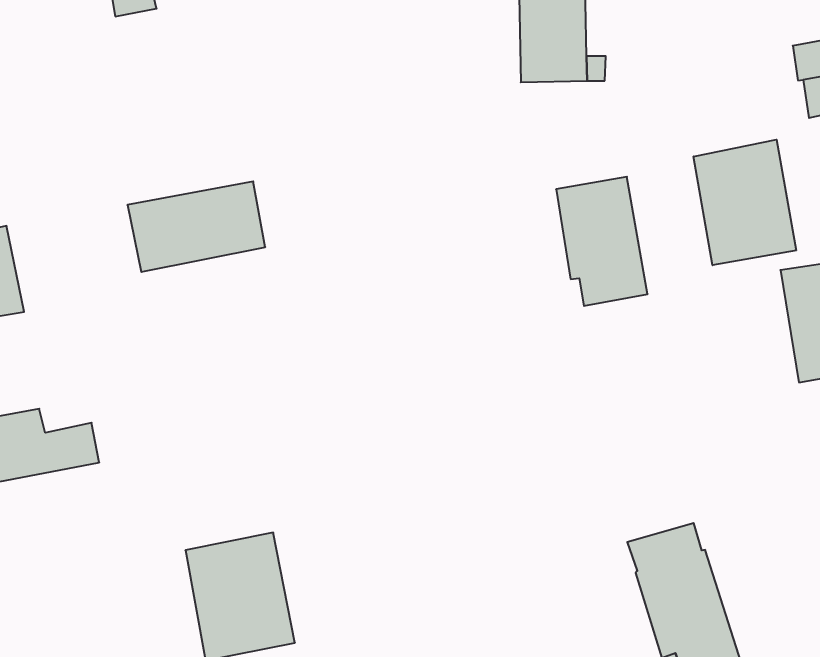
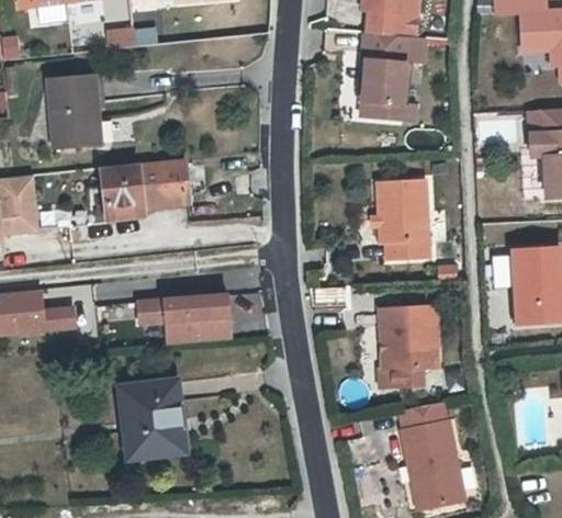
building: none -> [55,75,108,149]
building: [694,140,796,265] -> none
building: none -> [378,308,437,387]
building: none -> [134,290,229,345]

